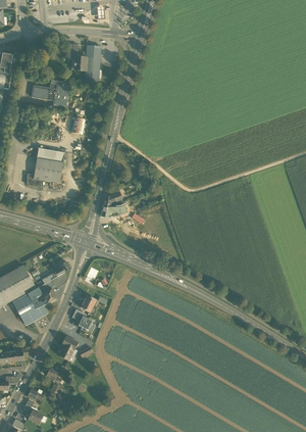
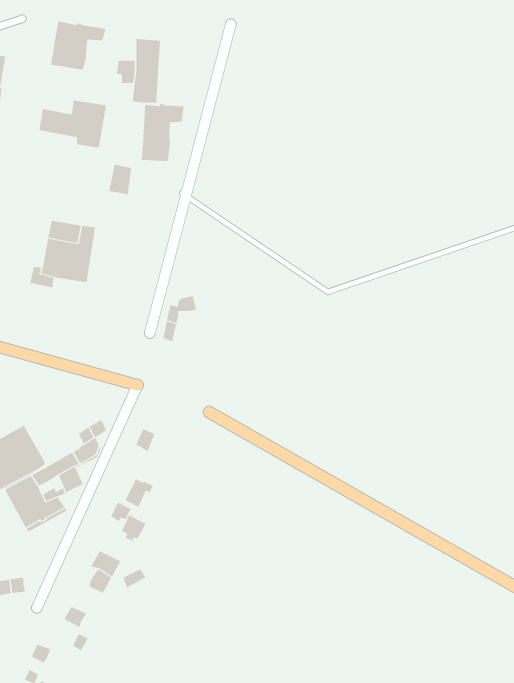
building: none -> [50,20,106,70]
building: none -> [142,103,184,162]

